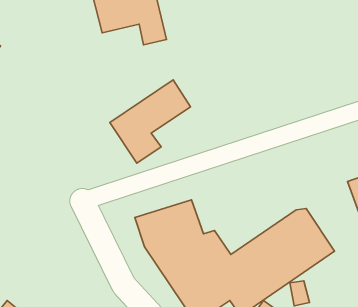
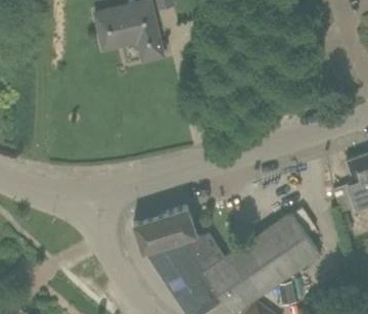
building: [110,80,190,163] -> none

